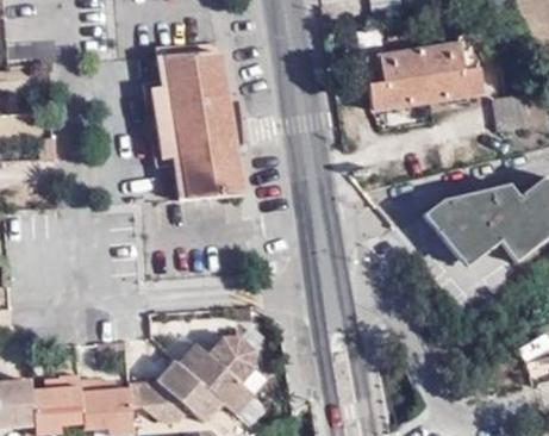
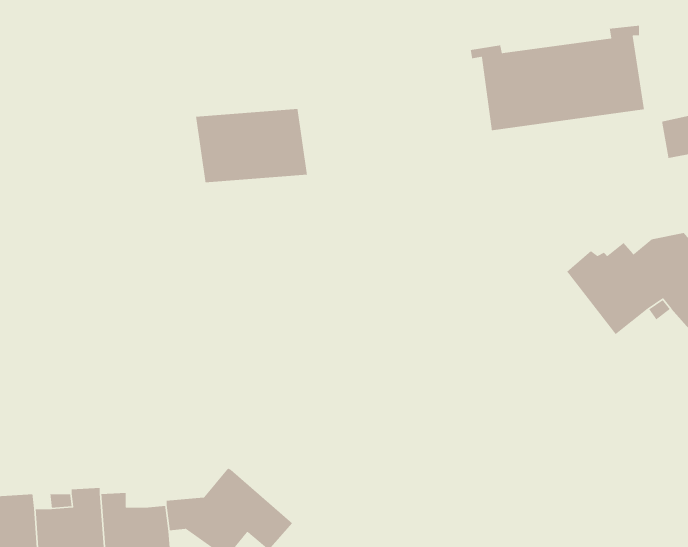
building: [154,49,230,102] -> none
building: [162,145,244,198] -> none
building: [181,334,258,411] -> none

